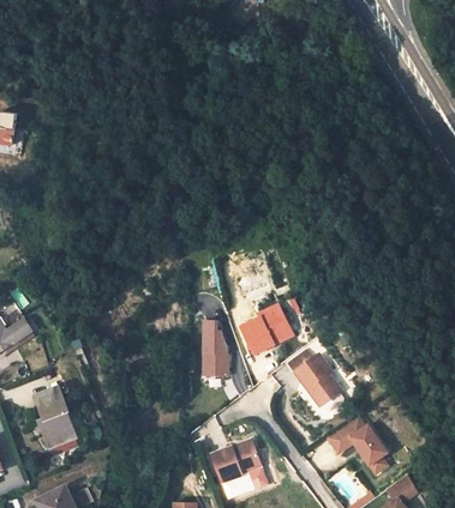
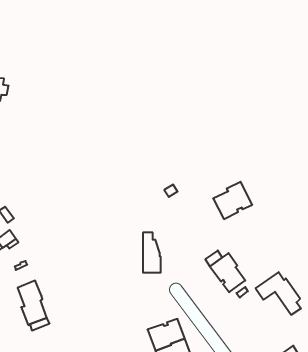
building: [240,304,293,355] -> [213,182,252,219]
building: [327,415,388,472] -> [256,272,301,315]

